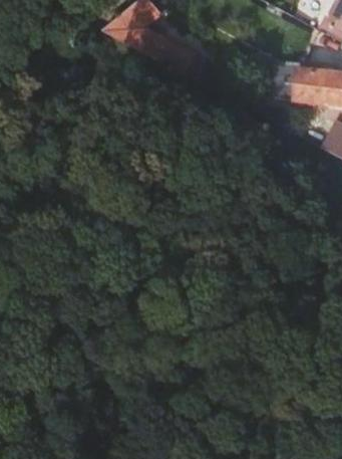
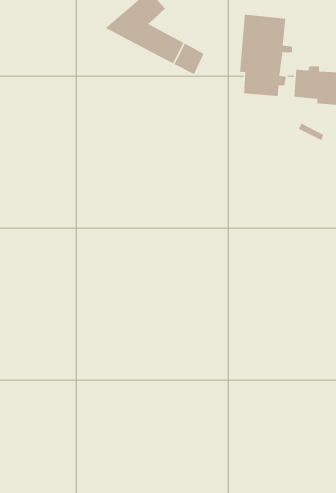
building: none -> [239,14,293,97]

